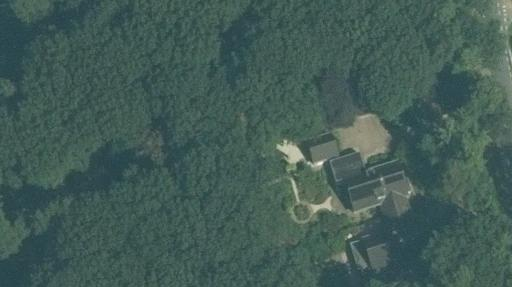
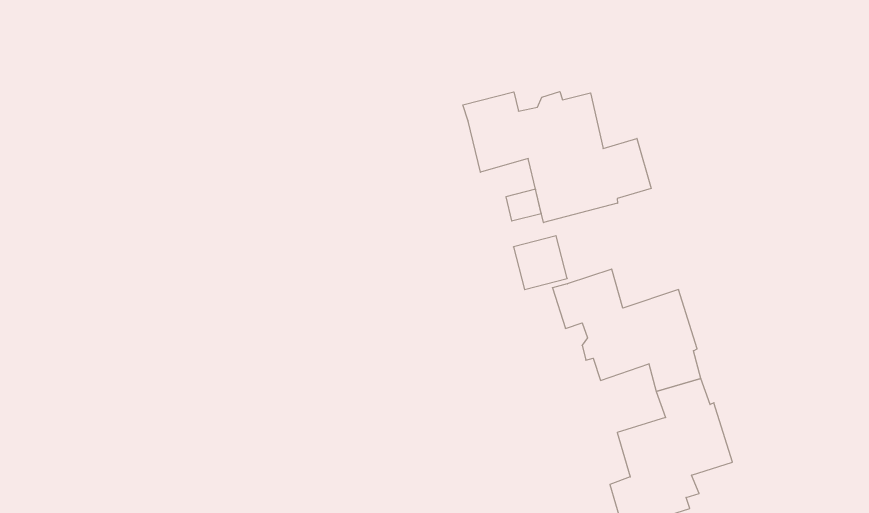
building: none -> [463,92,651,223]

